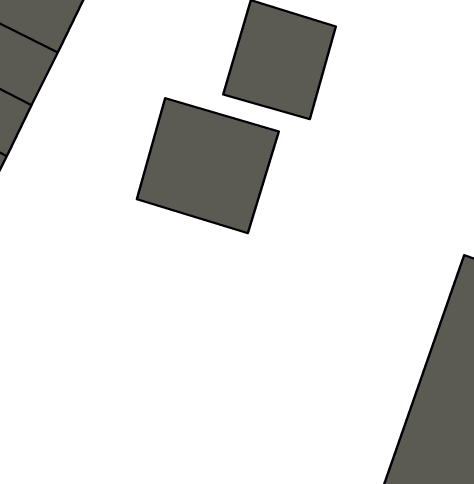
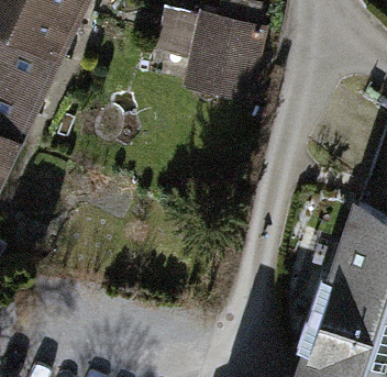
building: [137,98,279,233] -> none

